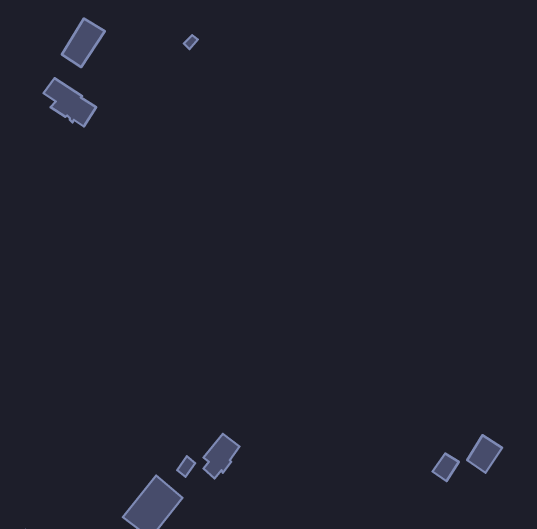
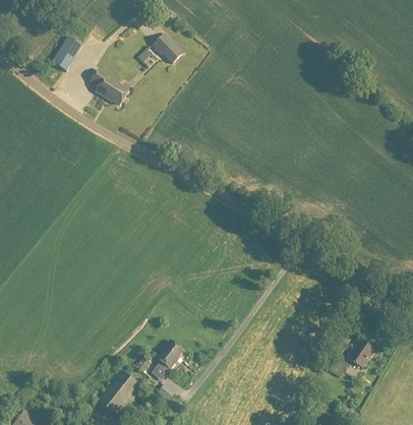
building: none -> [151,33,182,63]
building: [43,78,96,127] -> [90,69,128,105]

